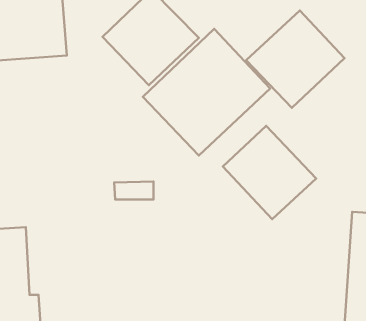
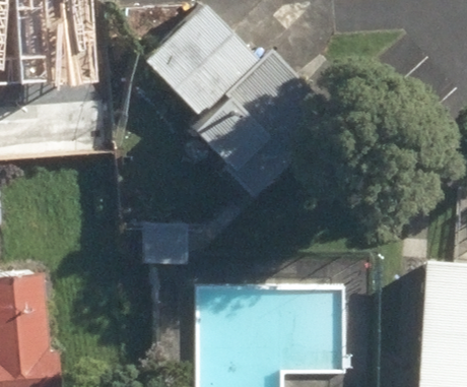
building: [246,11,344,108] -> none
building: [223,126,316,219] -> none

